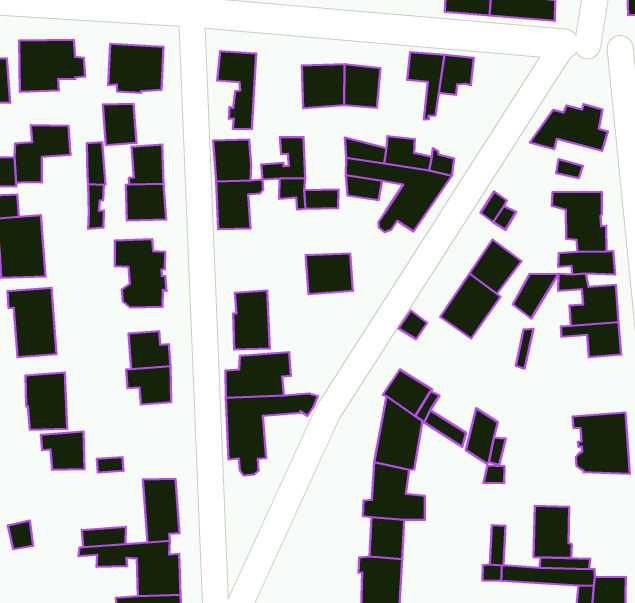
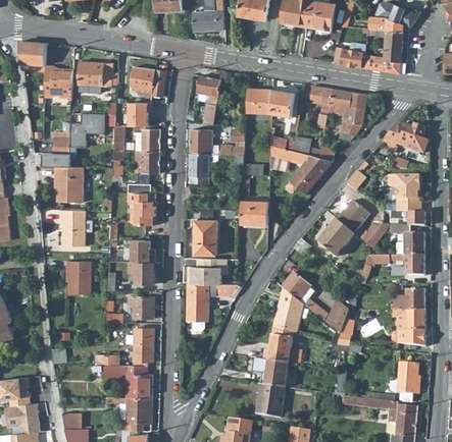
building: none -> [338,92,368,142]
building: none -> [391,289,423,310]
building: [41,432,85,470] -> [128,295,153,318]
building: [534,506,572,558] -> [394,363,417,395]

